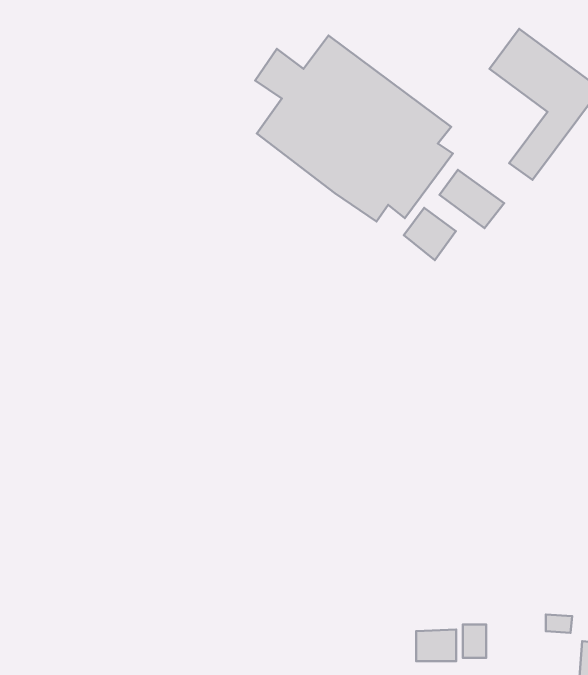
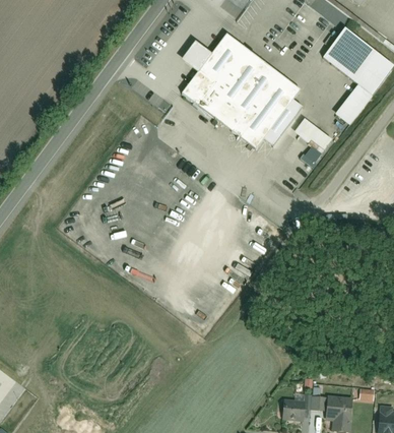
building: [404,208,456,260] -> none
building: none -> [326,395,351,421]

